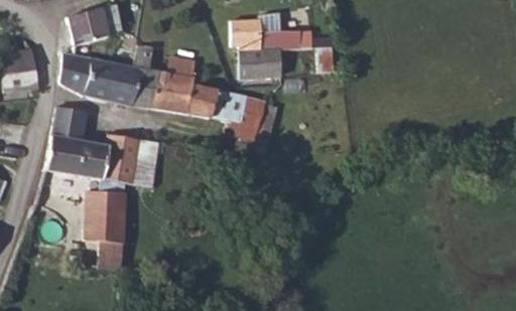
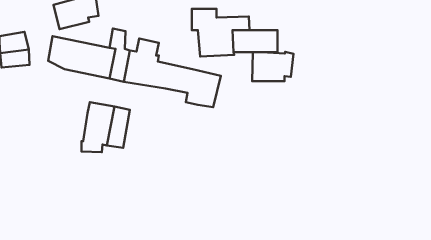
building: none -> [252,52,293,81]
building: [45,106,107,178] -> none
building: [86,190,124,267] -> none

